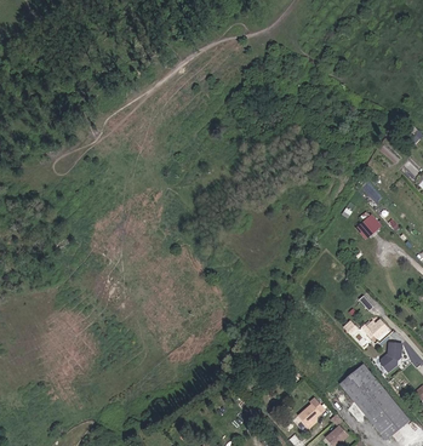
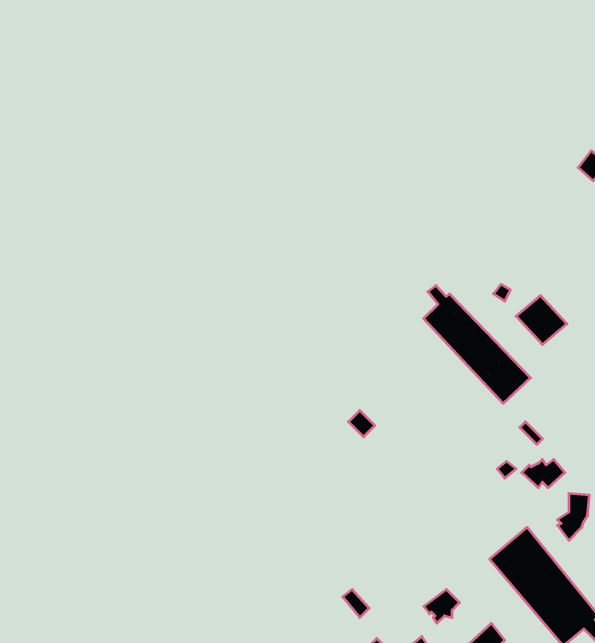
building: none -> [424,285,531,403]

